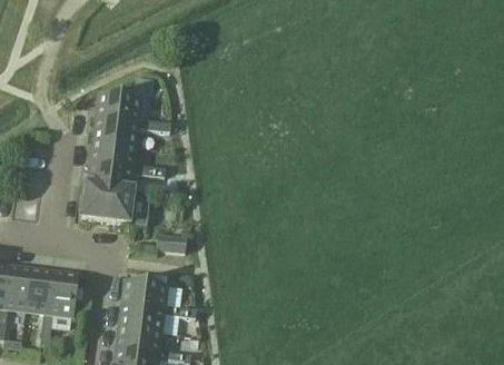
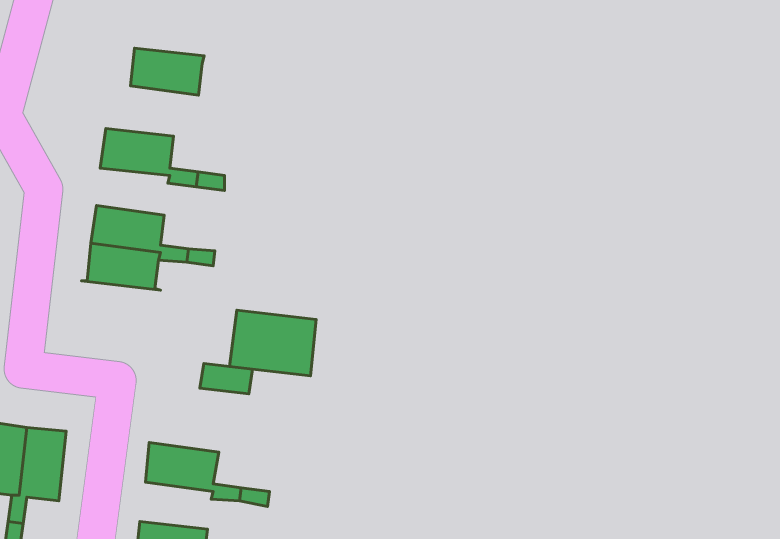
building: [95,118,138,146] -> [131,48,204,95]
building: [81,185,132,224] -> [229,310,316,376]
building: [120,304,164,332] -> none

